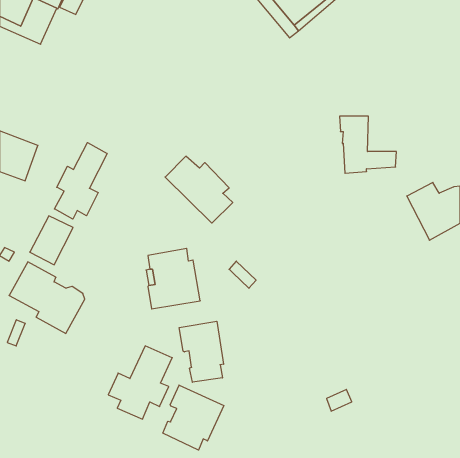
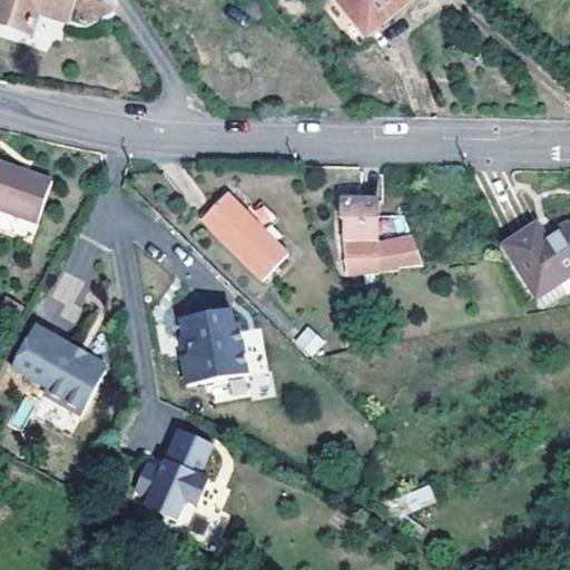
building: [340,116,396,173] -> [340,203,410,273]
building: [54,143,107,219] -> none
building: [179,321,224,382] -> none
building: [163,385,224,450] -> none

